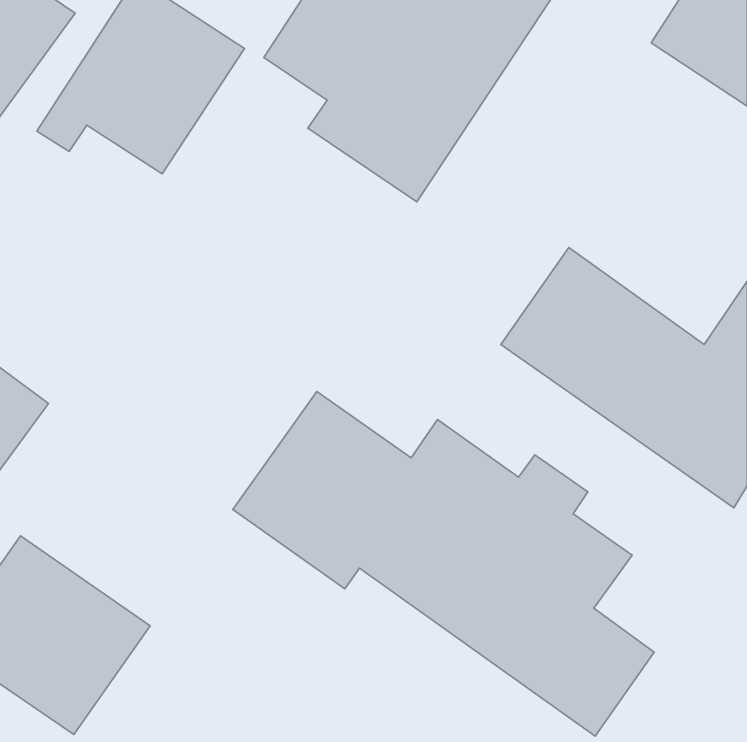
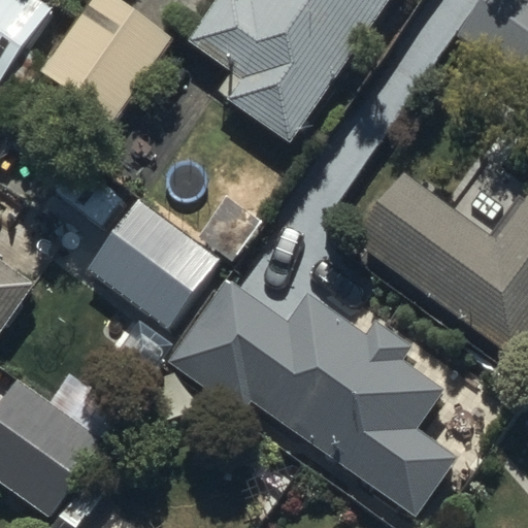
building: none -> [89,198,218,324]

